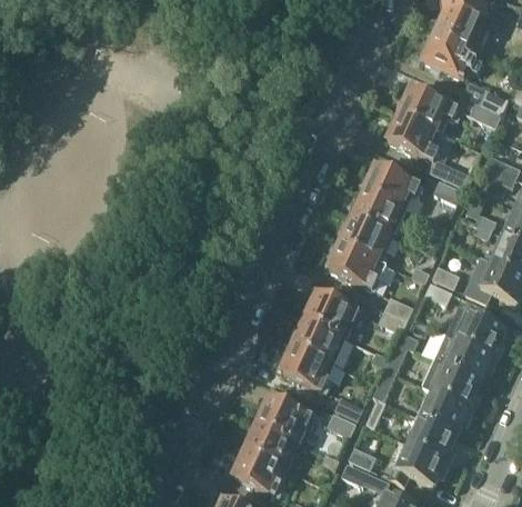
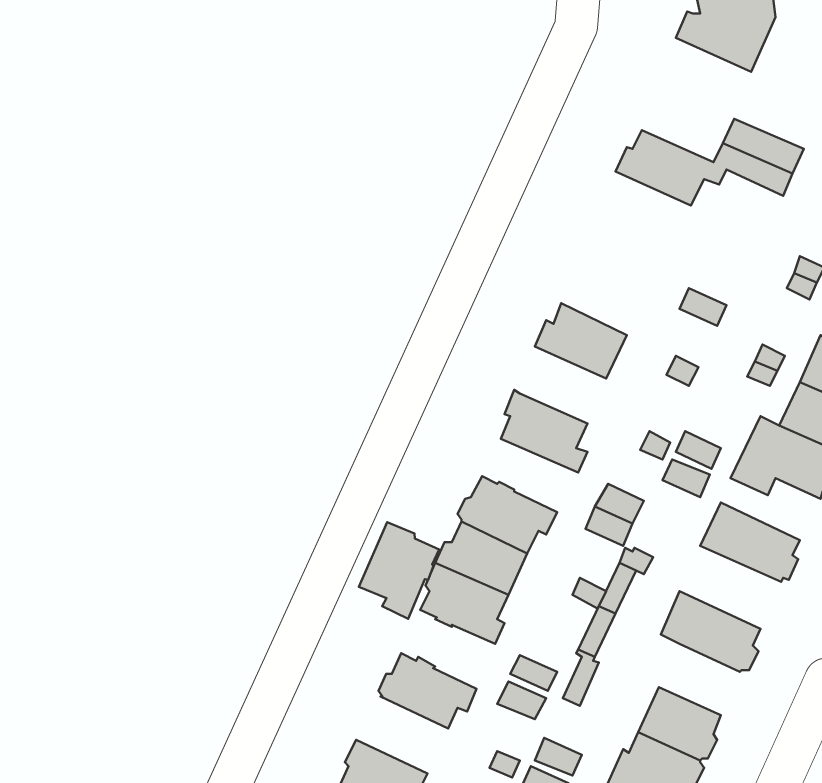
building: [422,33,475,81] -> none
building: [387,112,472,189] -> none
building: [360,165,421,209] -> none
building: [339,216,390,261] -> none
building: none -> [359,522,439,619]
building: [433,334,495,382] -> none
building: [421,391,472,434] -> none
building: [242,423,297,468] -> none

